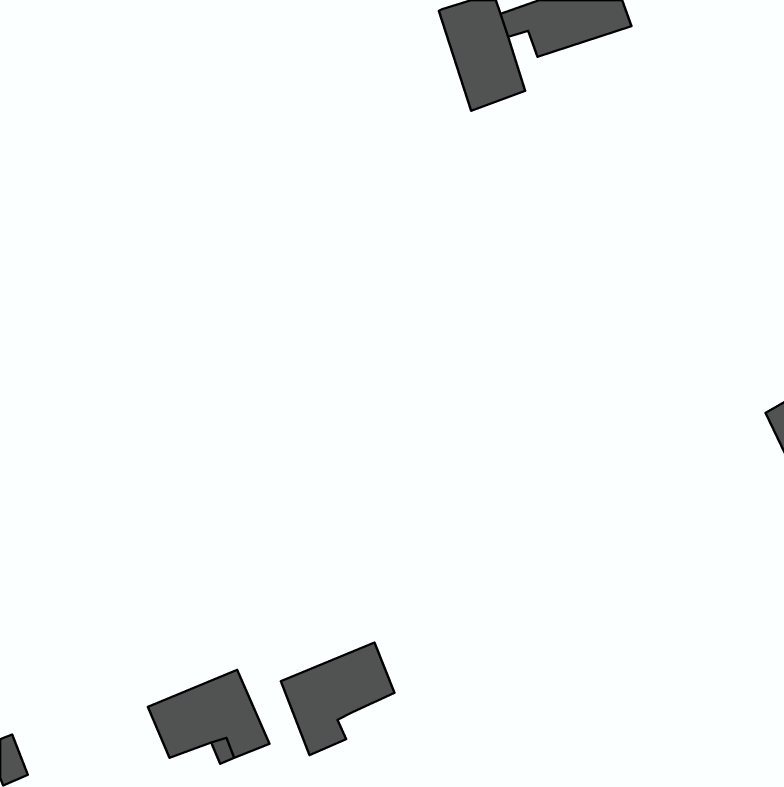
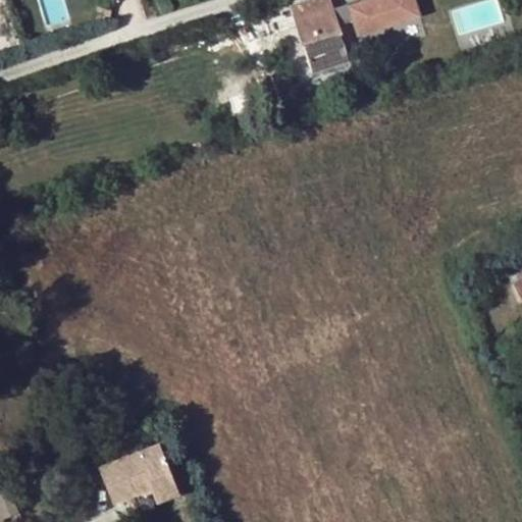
building: [281,643,395,755] -> none

